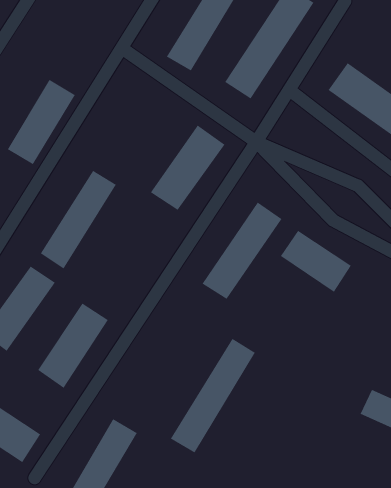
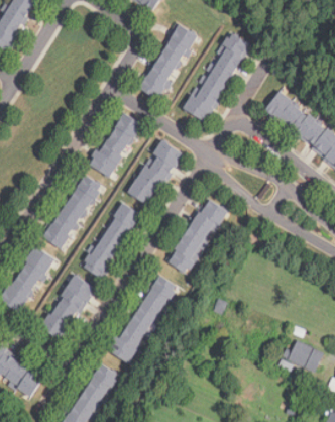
building: [7,79,76,165] -> [90,111,142,177]
building: none -> [83,203,142,278]
building: [280,230,352,293] -> none
building: [170,338,256,454] -> [110,275,176,362]

